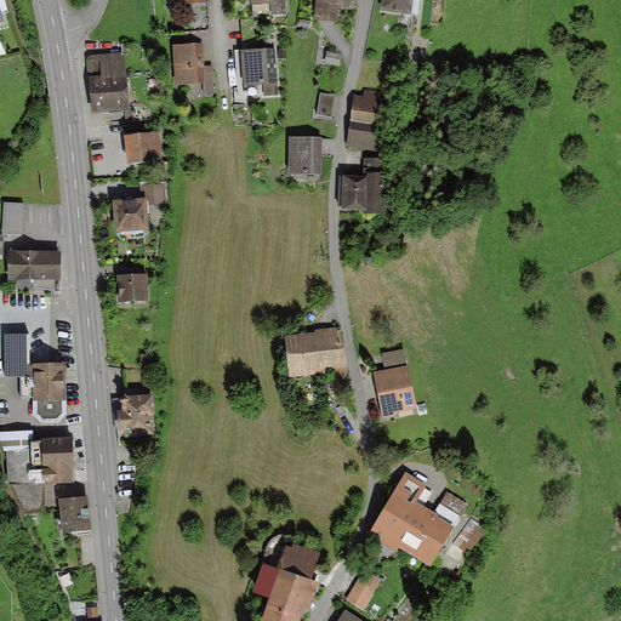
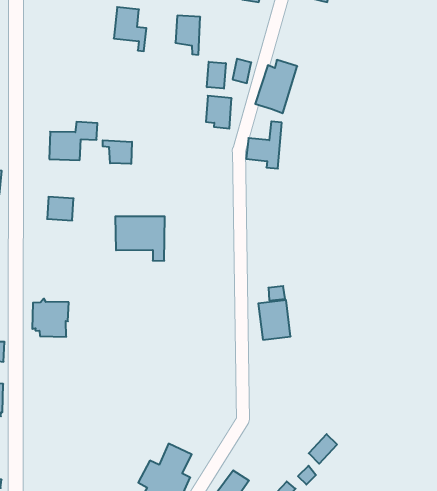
building: [87,52,129,113] -> none
building: none -> [207,62,226,89]
building: [124,131,163,164] -> none
building: none -> [103,140,132,164]
building: [283,330,344,382] -> [115,216,165,261]
building: [375,478,462,564] -> none

